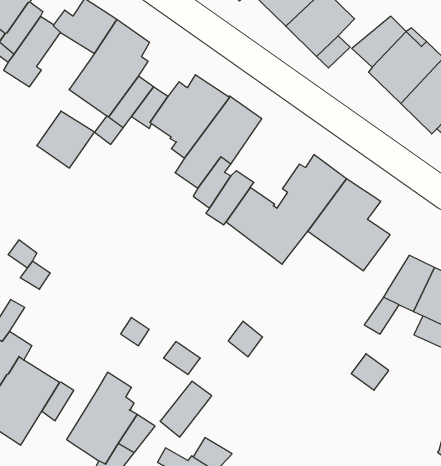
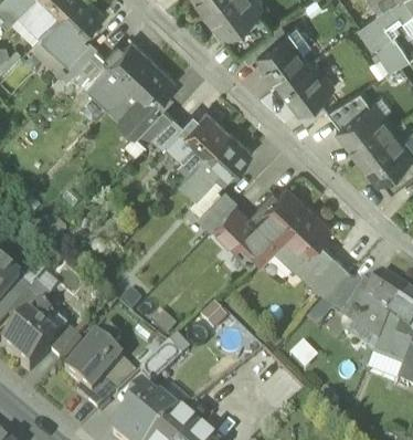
building: [37,111,95,168] -> [86,65,131,109]
building: none -> [310,256,350,297]

